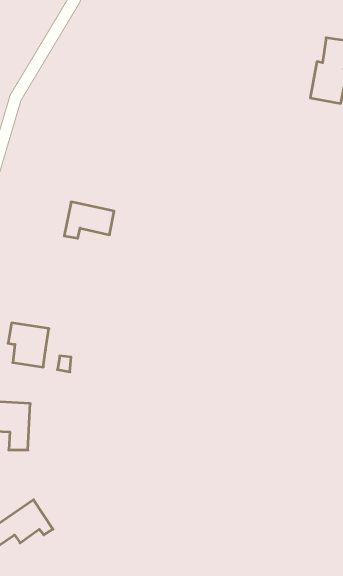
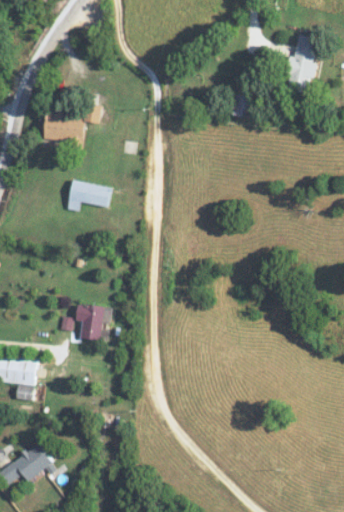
building: none -> [43,114,83,144]
building: [8,323,49,367] -> [76,302,112,341]

